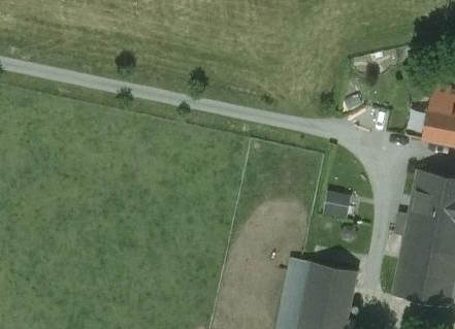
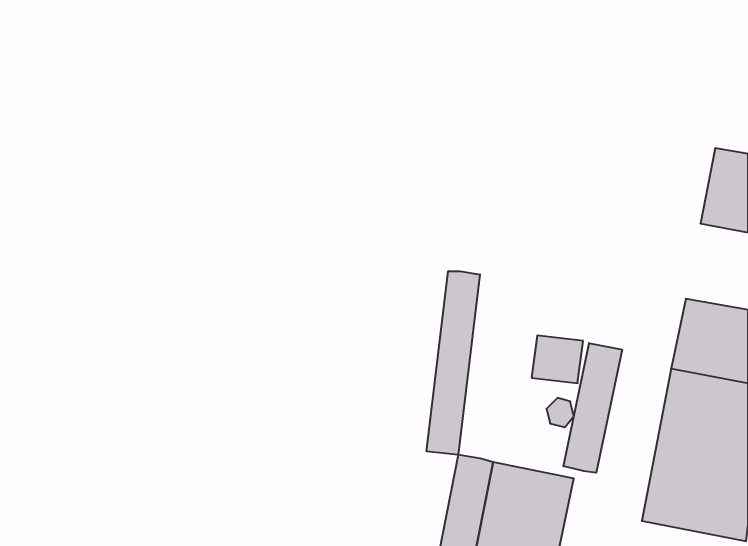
building: none -> [427,271,480,455]
building: none -> [563,343,622,473]

